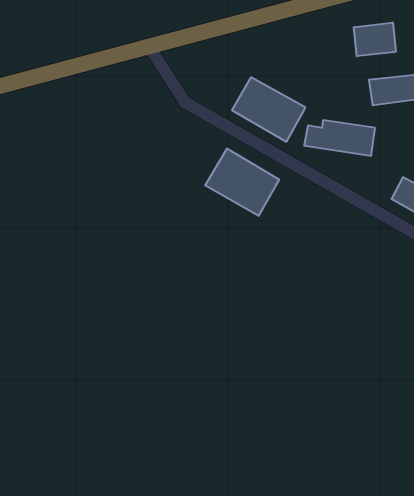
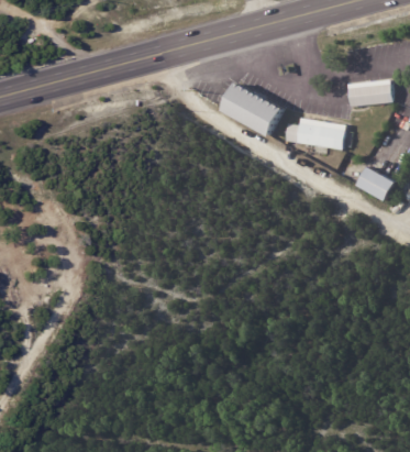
building: [354,22,396,56] -> none
building: [205,148,279,216] -> none

